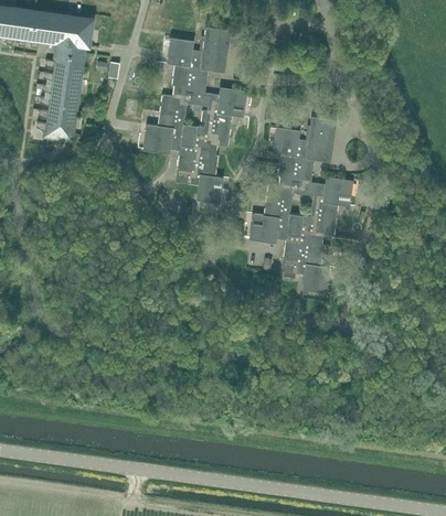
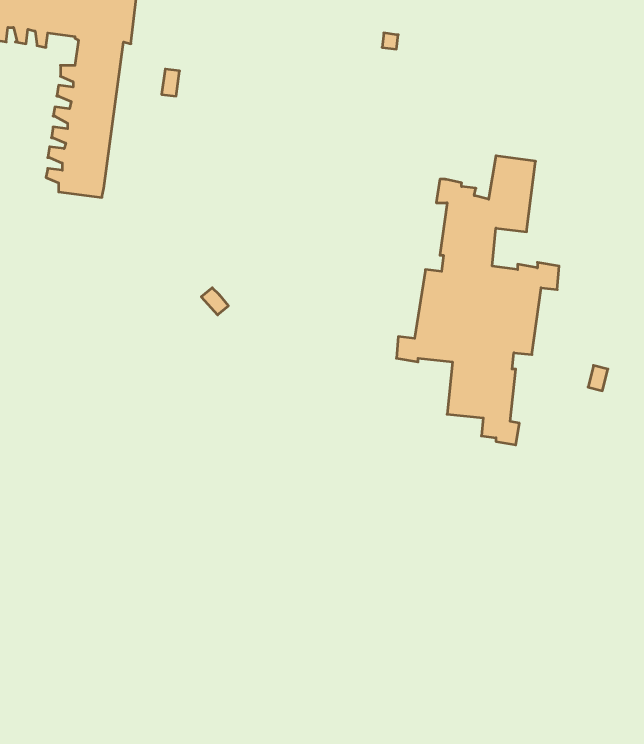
building: [146,25,245,202] -> none

